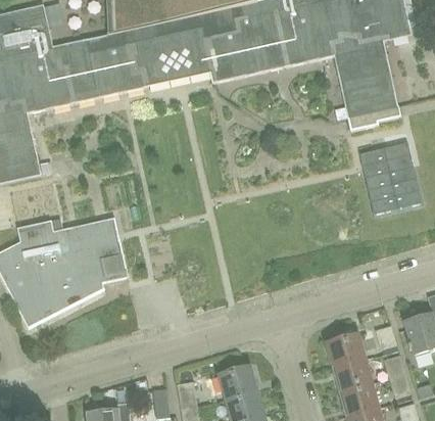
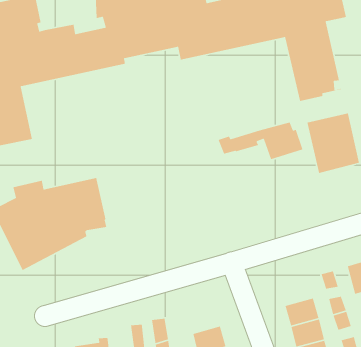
building: none -> [218,122,304,160]
building: [327,333,367,367] -> none
building: [219,366,258,400] -> none

